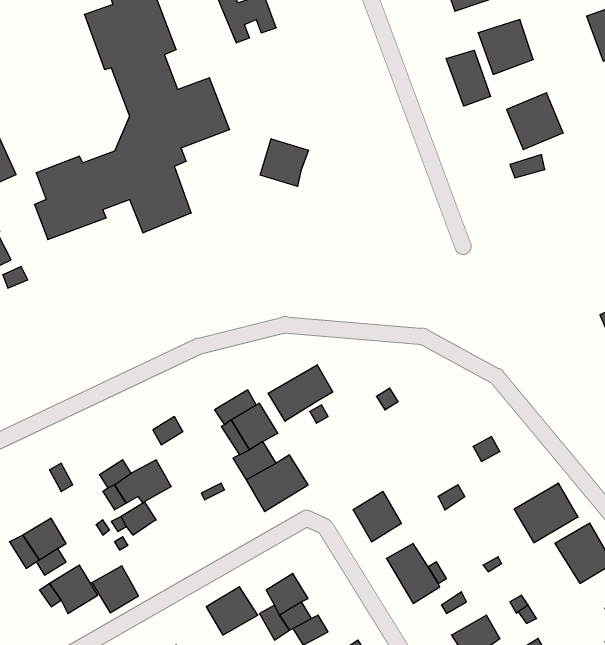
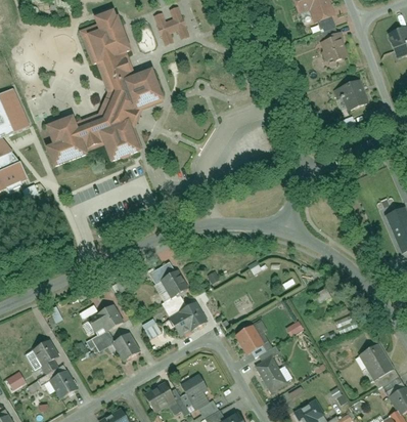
building: [446,50,491,106] -> none
building: [260,139,309,186] -> none
building: [268,365,333,421] -> none
building: [514,483,578,543] -> none
building: [92,566,138,613] -> [114,331,142,360]

